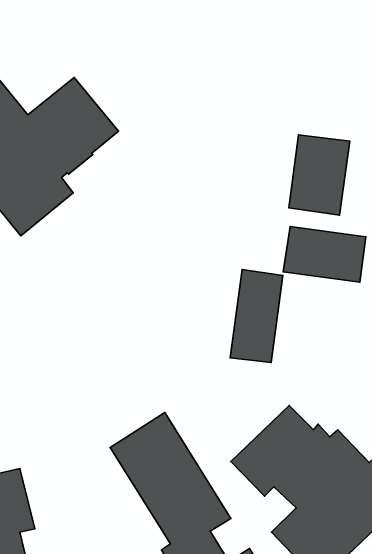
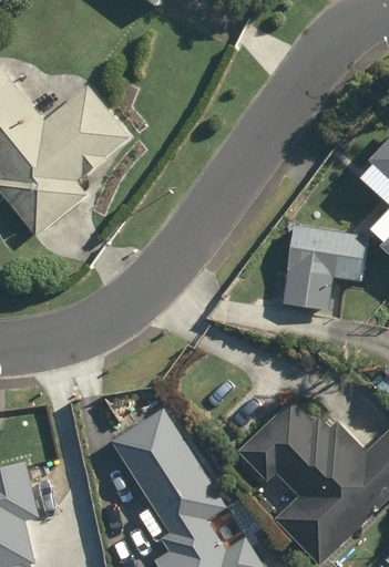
building: [289,135,350,215] -> none
building: [230,270,283,363] -> none

